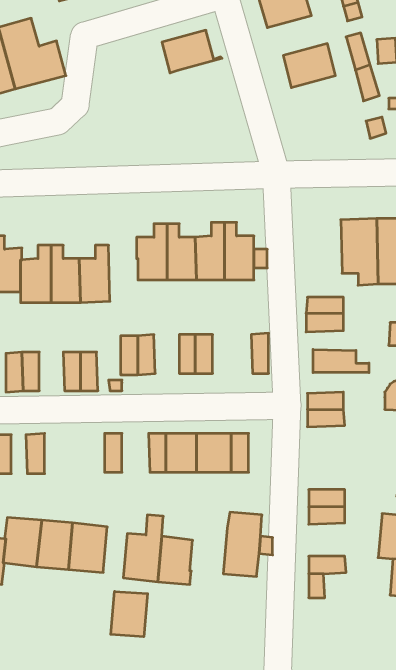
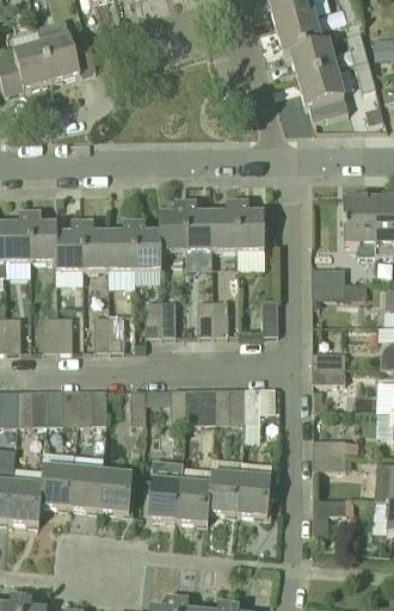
building: [162,30,222,73] -> [276,14,330,53]
building: none -> [297,68,349,121]
building: none -> [134,220,160,270]
building: [313,349,369,373] -> none
building: none -> [76,388,106,424]
building: none -> [207,470,240,513]
building: [111,591,148,637] -> none

